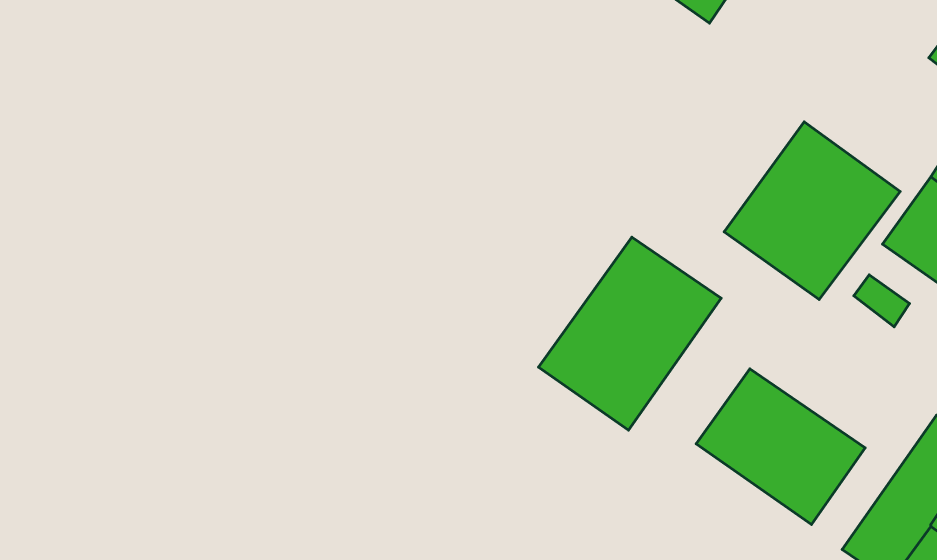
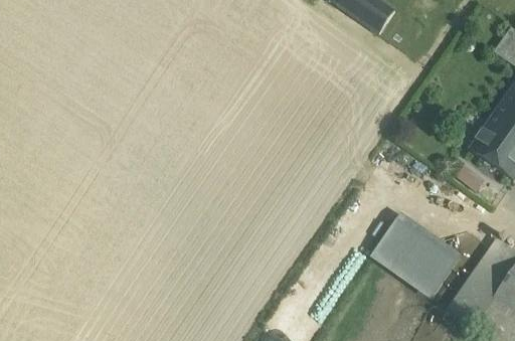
building: [724,122,900,299] -> none
building: [538,237,721,430] -> none

